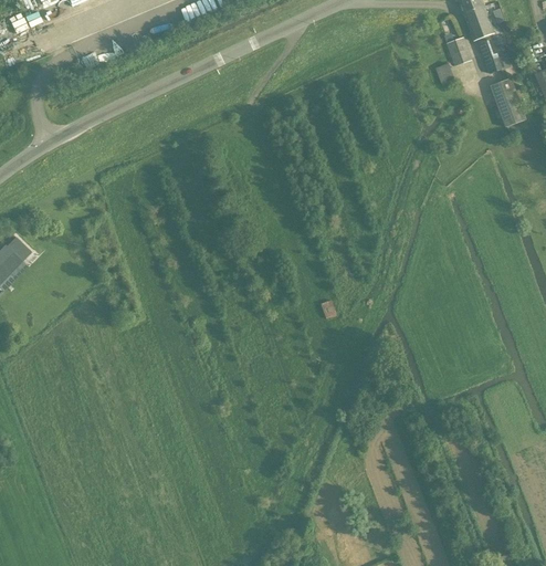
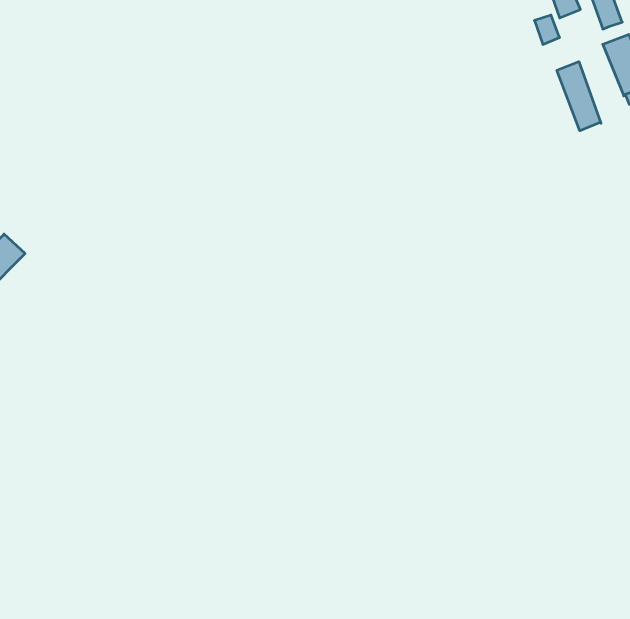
building: none -> [557,62,601,131]

